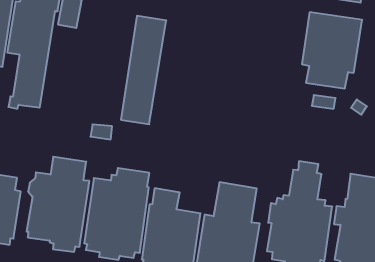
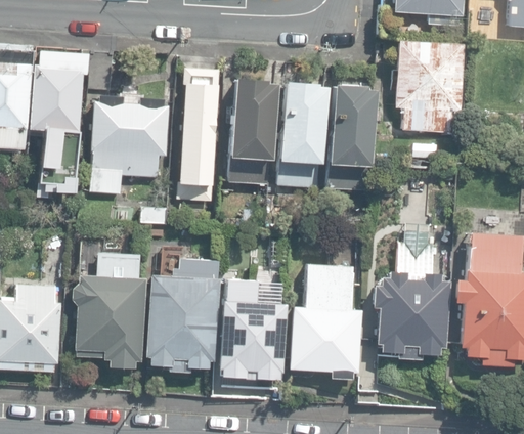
building: none -> [227,76,275,182]
building: none -> [90,93,169,193]
building: none -> [274,80,323,192]
building: none -> [326,84,375,190]

